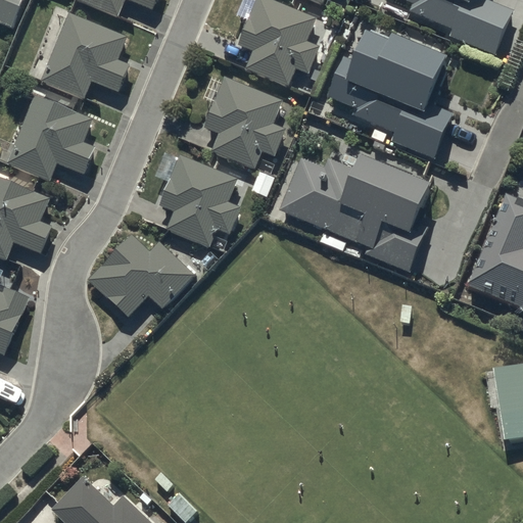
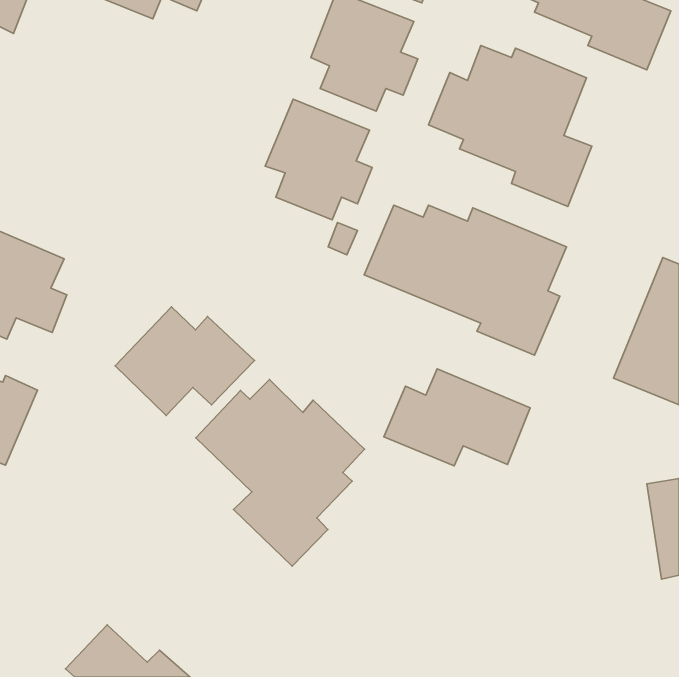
building: [40,11,128,97] -> none
building: [6,94,94,180] -> none
building: [158,154,239,245] -> none
building: none -> [384,369,530,466]
building: none -> [196,380,365,566]

